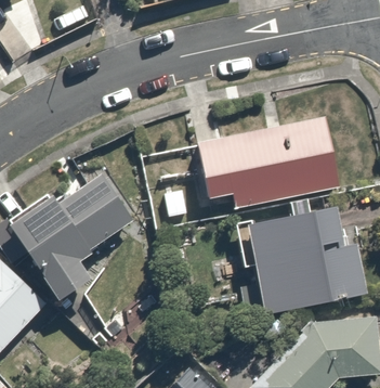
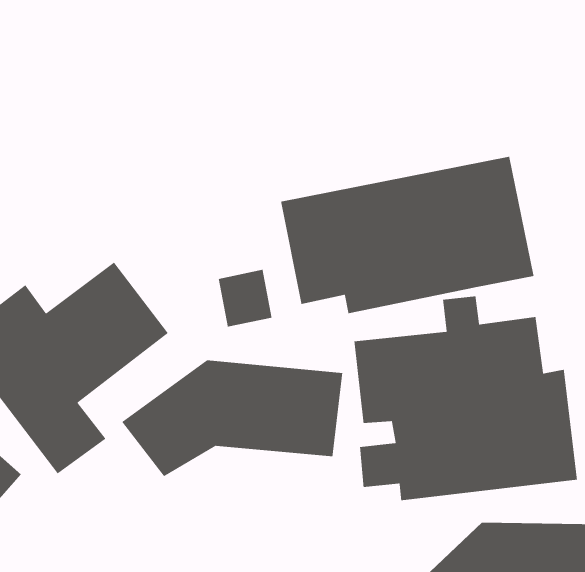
building: none -> [121,359,343,477]

